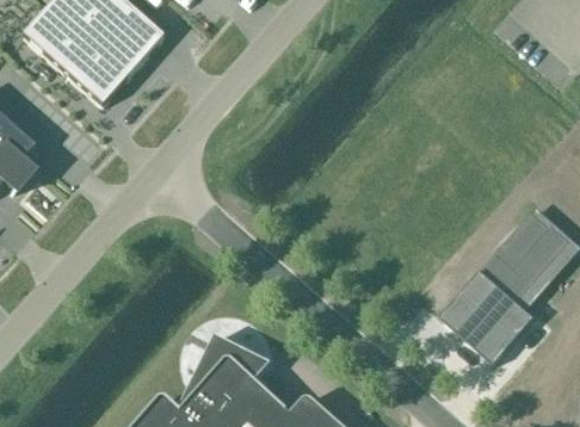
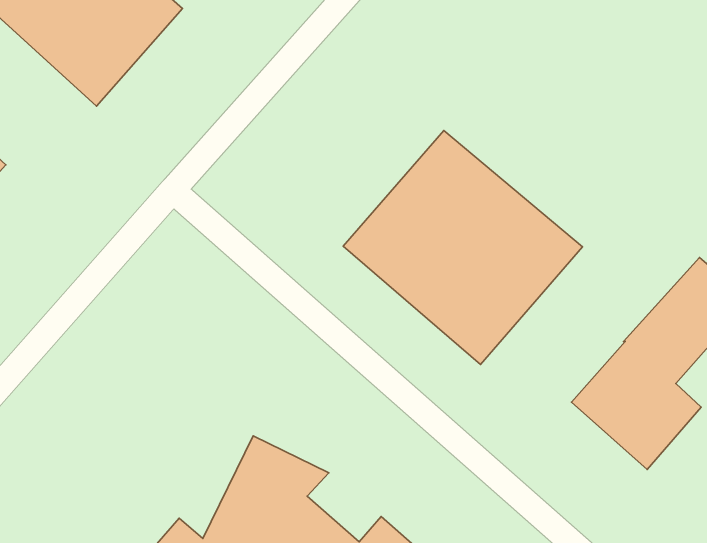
building: none -> [343,131,583,365]

